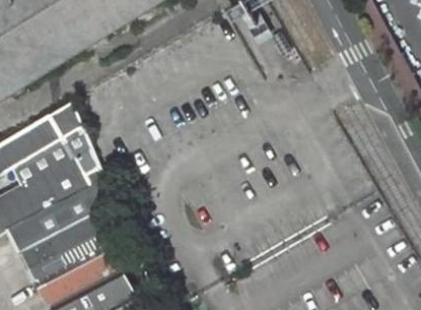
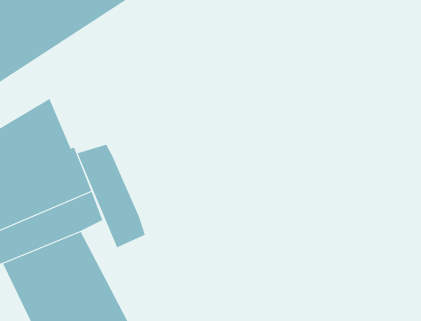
building: none -> [77,144,146,248]

